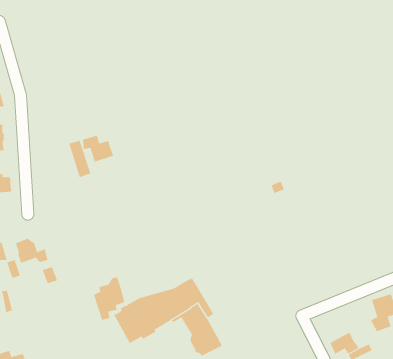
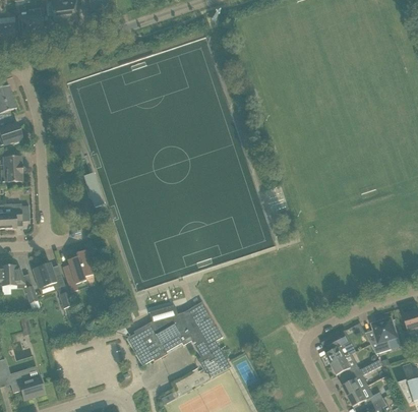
building: [83,135,114,162] -> none
building: [93,277,125,320] -> [62,249,93,291]
building: none -> [325,334,351,363]

